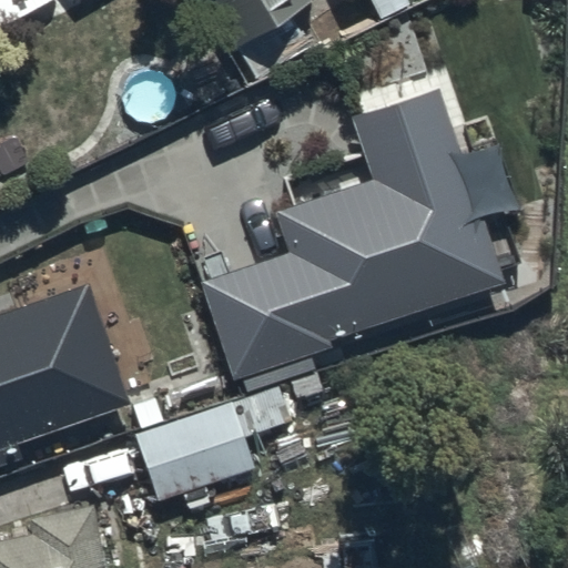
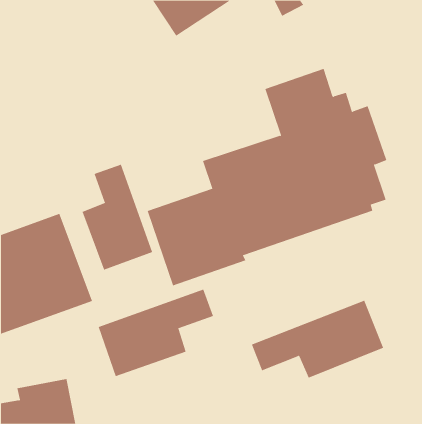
building: none -> [82,164,153,271]
building: none -> [251,300,384,379]

